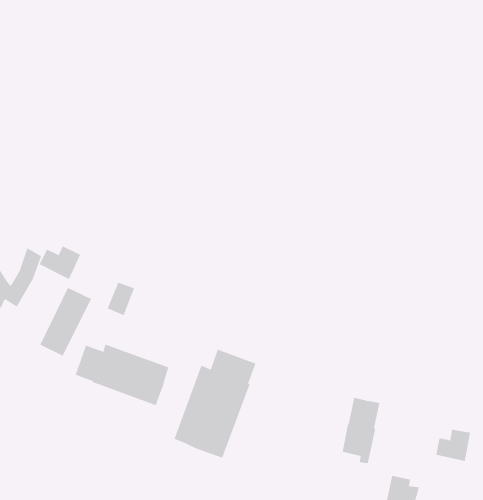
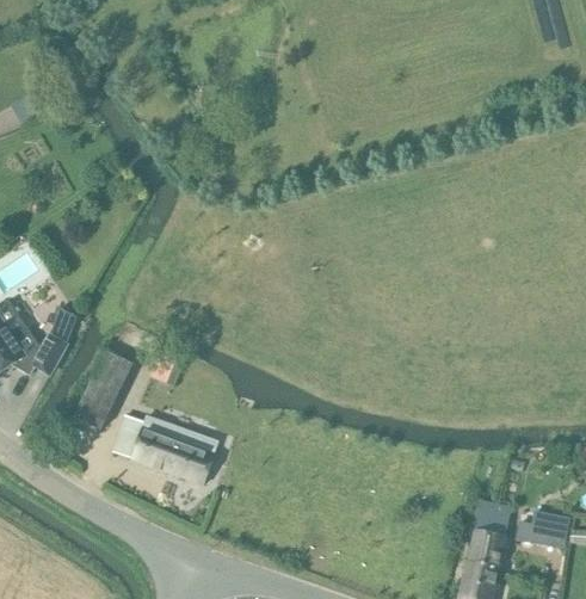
building: [39,246,81,280] -> none
building: [174,349,256,459] -> none
building: [342,397,380,464] -> [468,500,511,574]

